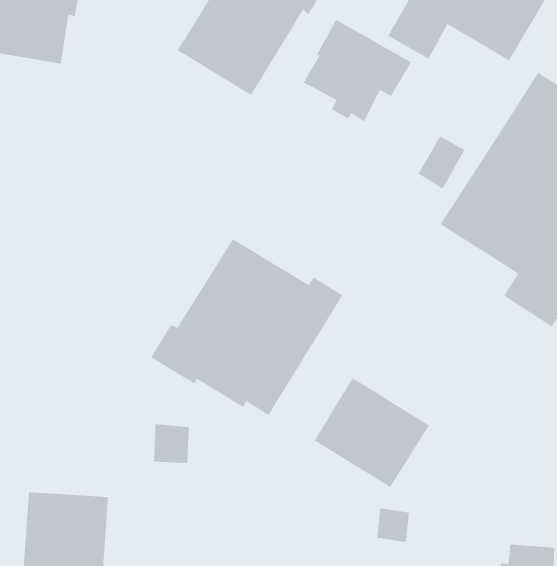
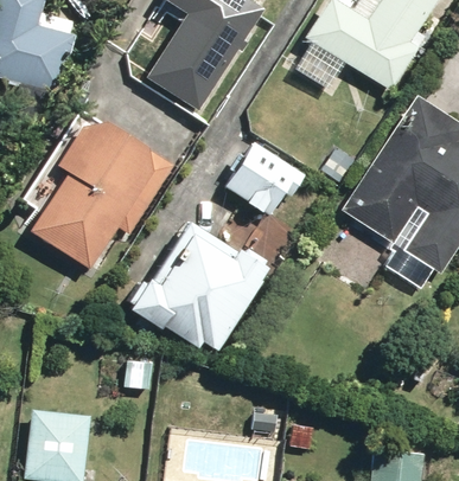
building: [303,19,412,122] -> [225,141,307,218]
building: none -> [28,109,176,267]
building: [314,377,430,488] -> none

